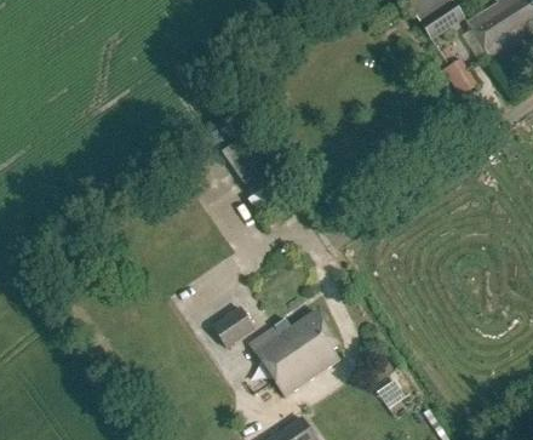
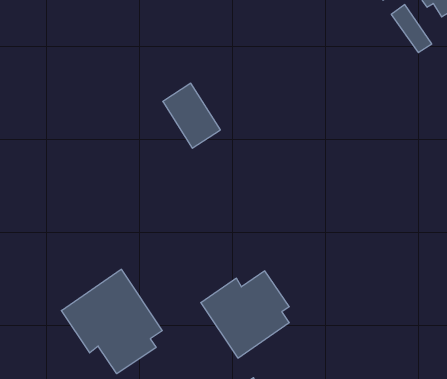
building: [210,305,254,349] -> none
building: none -> [61,269,162,374]

